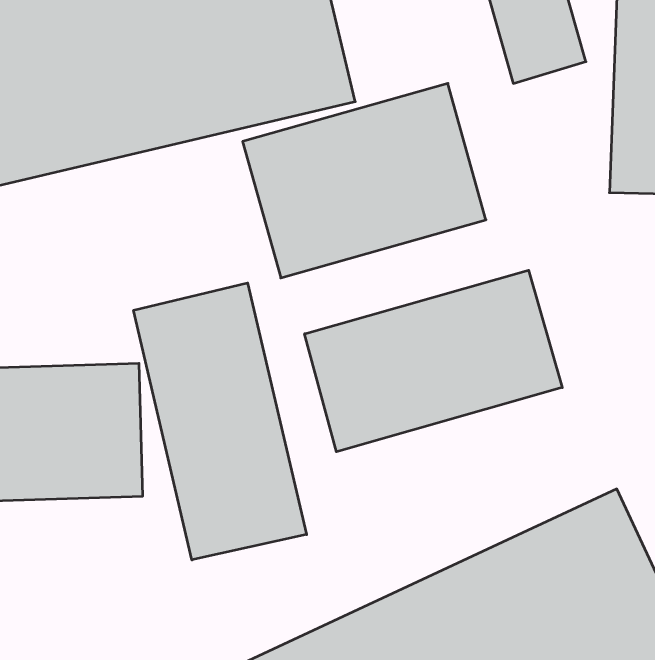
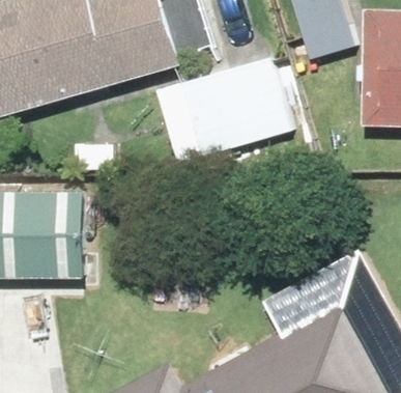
building: [305,270,562,452] -> none
building: [134,283,307,560] -> none

